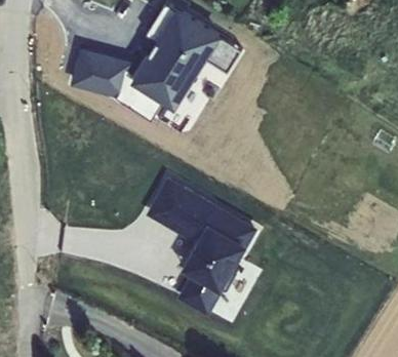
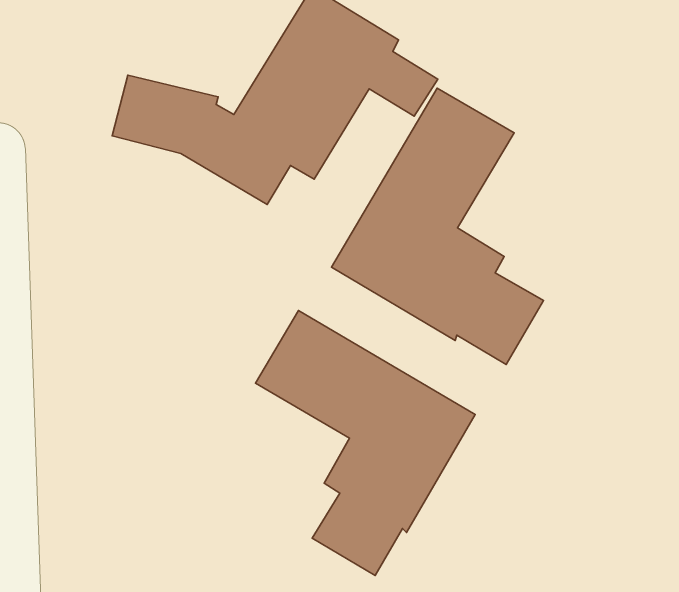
building: none -> [332,88,544,365]

